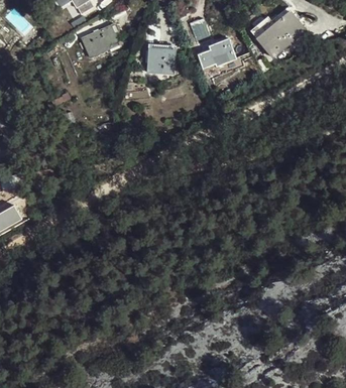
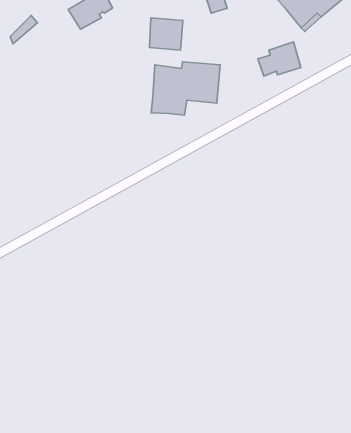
building: [200,39,235,68] -> [258,42,301,76]
building: none -> [151,62,220,115]

